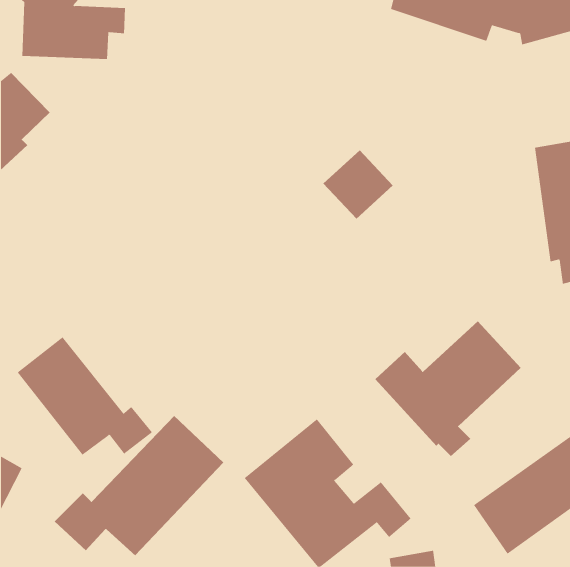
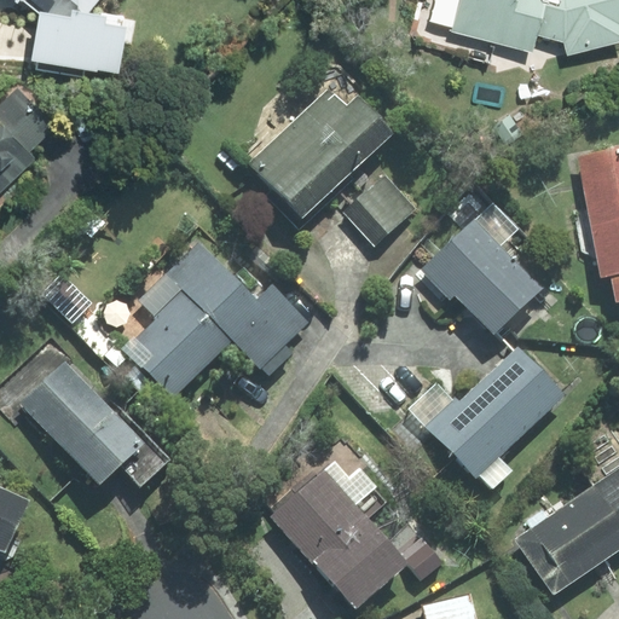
building: none -> [243,83,392,226]
building: none -> [417,216,543,336]
building: none -> [126,237,307,399]
building: [54,415,224,556] -> none

